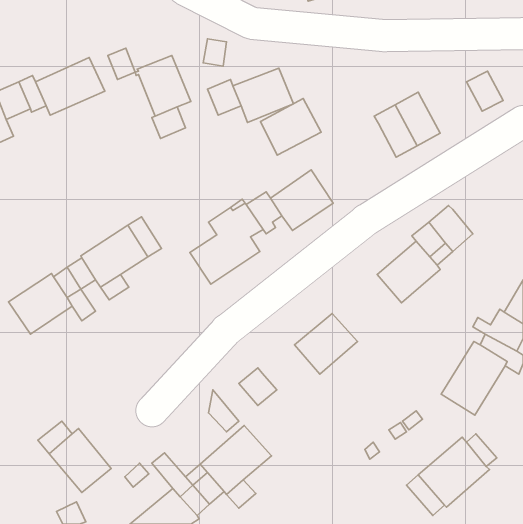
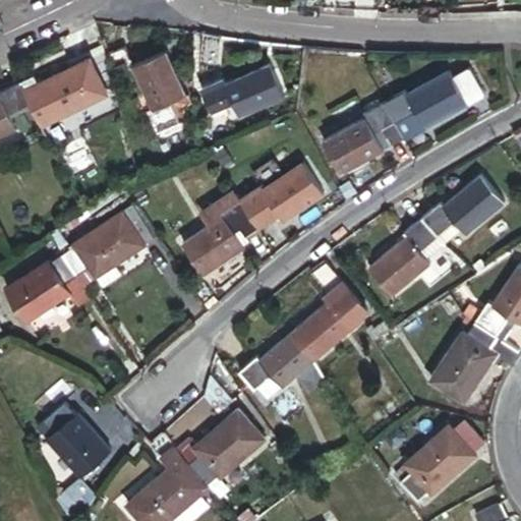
building: none -> [409,74,468,129]
building: [260,98,321,155] -> [326,120,385,175]
building: none -> [440,172,502,232]
building: none -> [308,267,360,332]
building: none -> [254,335,310,391]

